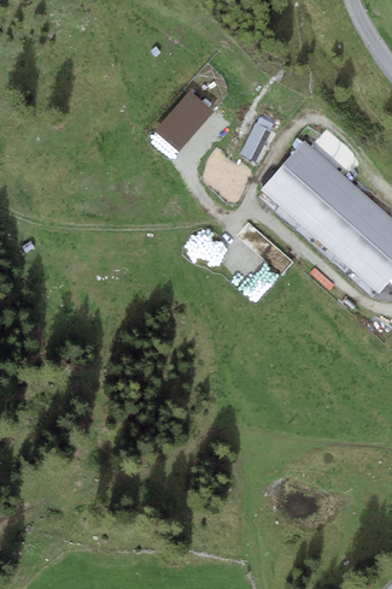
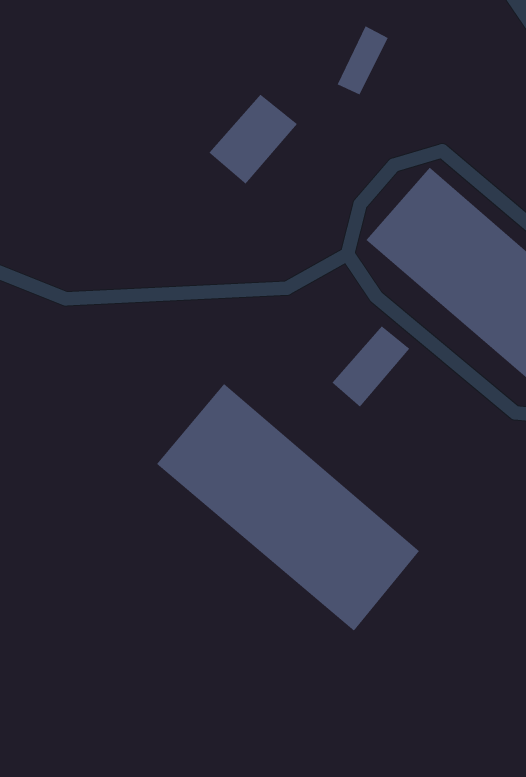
building: [238,118,273,165] -> [337,26,388,95]
building: none -> [156,383,420,632]

